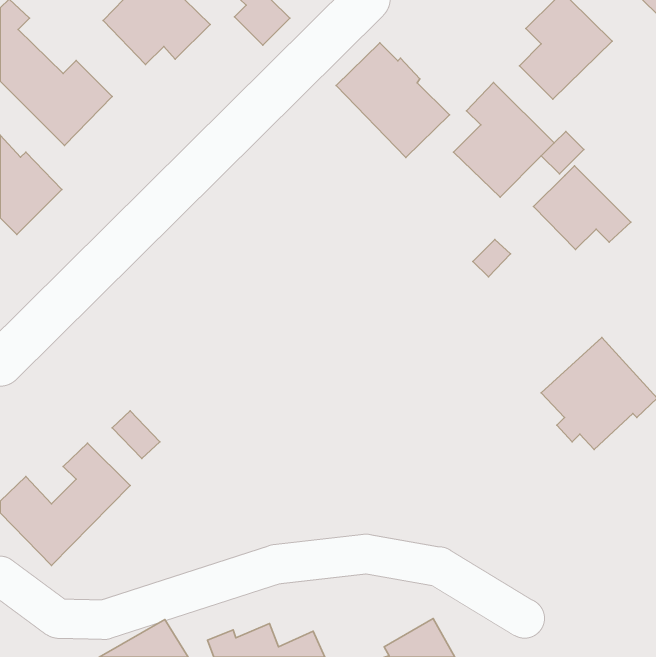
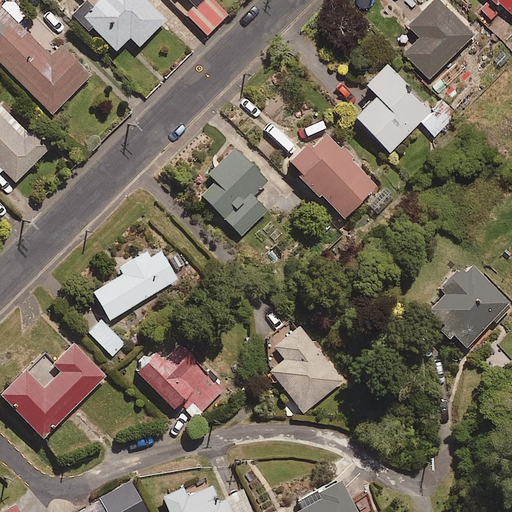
building: [336,43,450,157] -> [288,131,376,220]
building: [534,166,631,250] -> none
building: none -> [200,147,267,236]
building: none -> [92,245,176,320]
building: none -> [268,324,343,412]
building: none -> [134,335,224,418]

